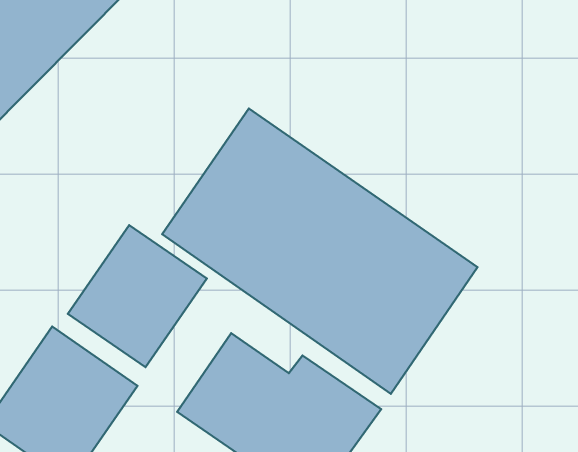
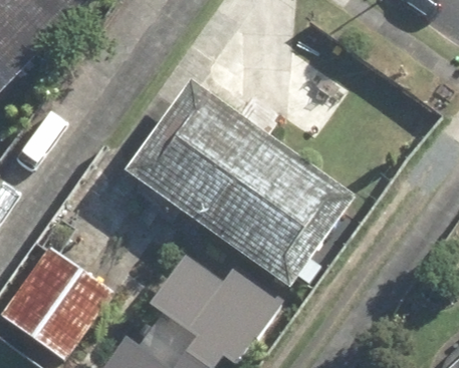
building: [68,225,207,367] -> none

